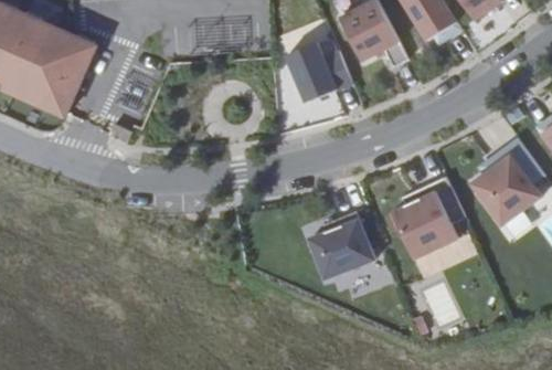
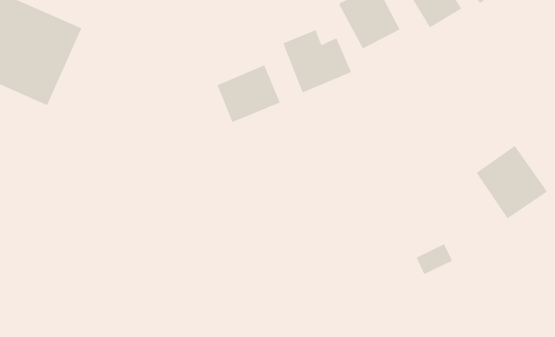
building: none -> [217,64,281,123]
building: [392,193,455,257] -> none
building: [307,216,374,279] -> none

